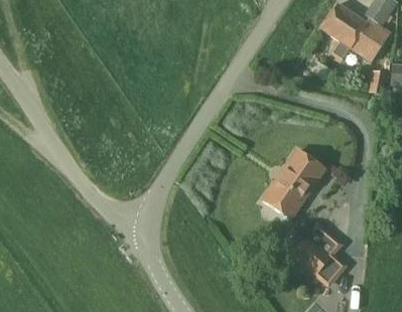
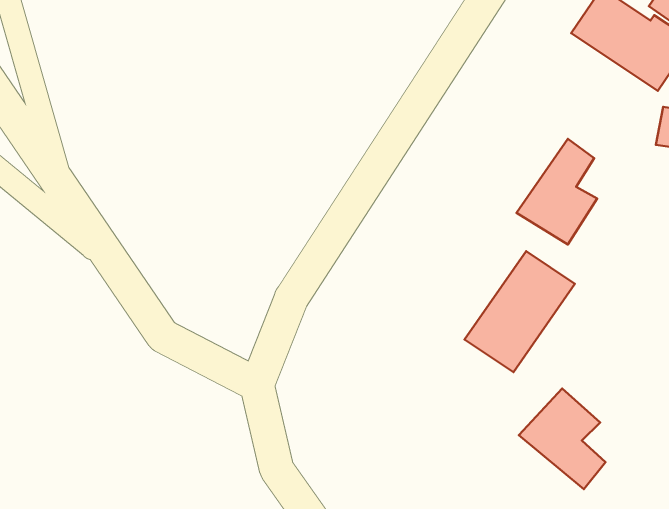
building: none -> [516,139,597,244]

